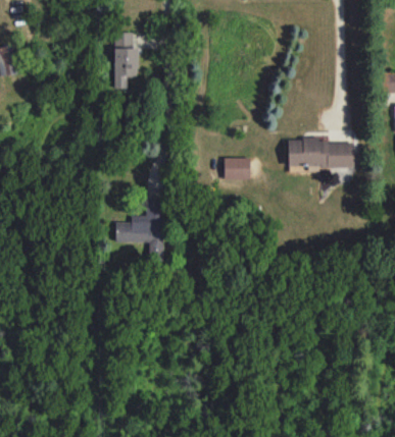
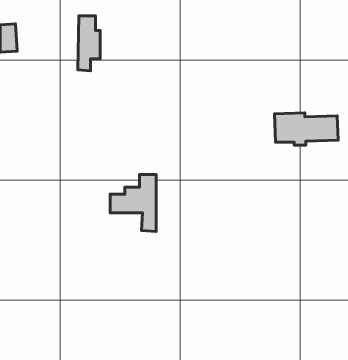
building: [114,33,138,90] -> [78,16,100,71]
building: [225,158,250,179] -> none

